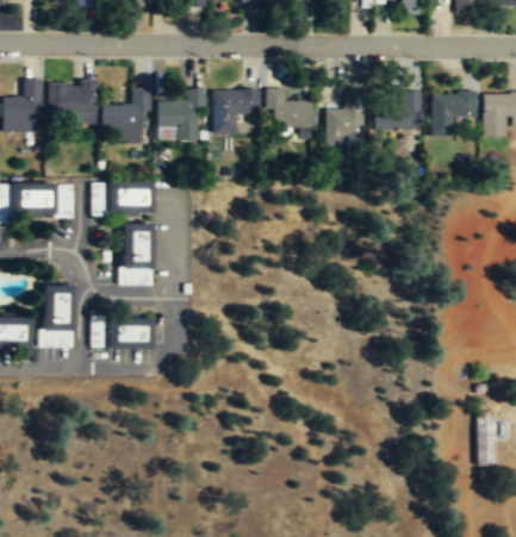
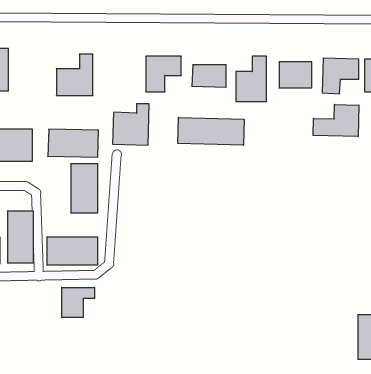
building: [48,82,98,125] -> none
building: [157,88,203,139] -> [113,104,149,145]
building: none -> [313,104,359,137]
building: none -> [178,117,244,145]
building: none -> [62,287,94,318]

